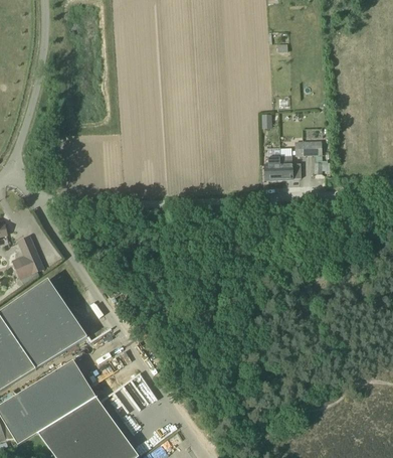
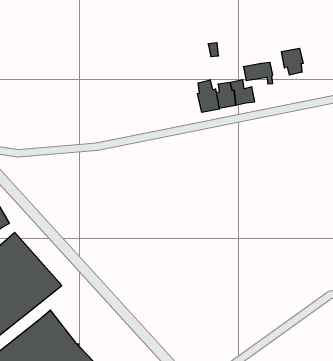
building: none -> [282,48,303,75]
building: none -> [198,80,219,112]

